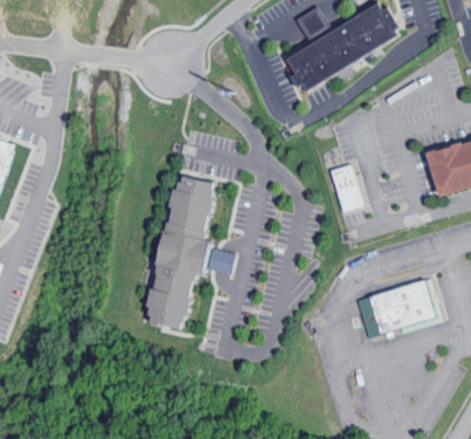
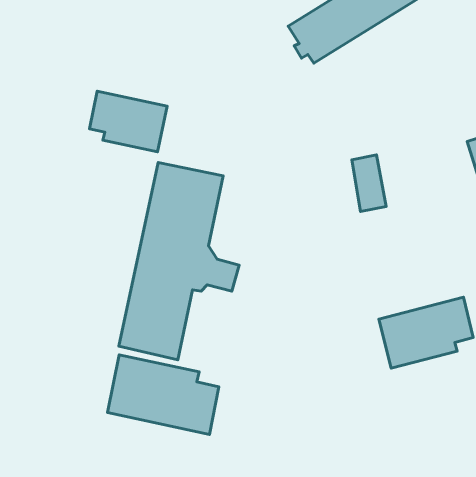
building: none -> [90,91,167,152]
building: none -> [107,355,219,434]

